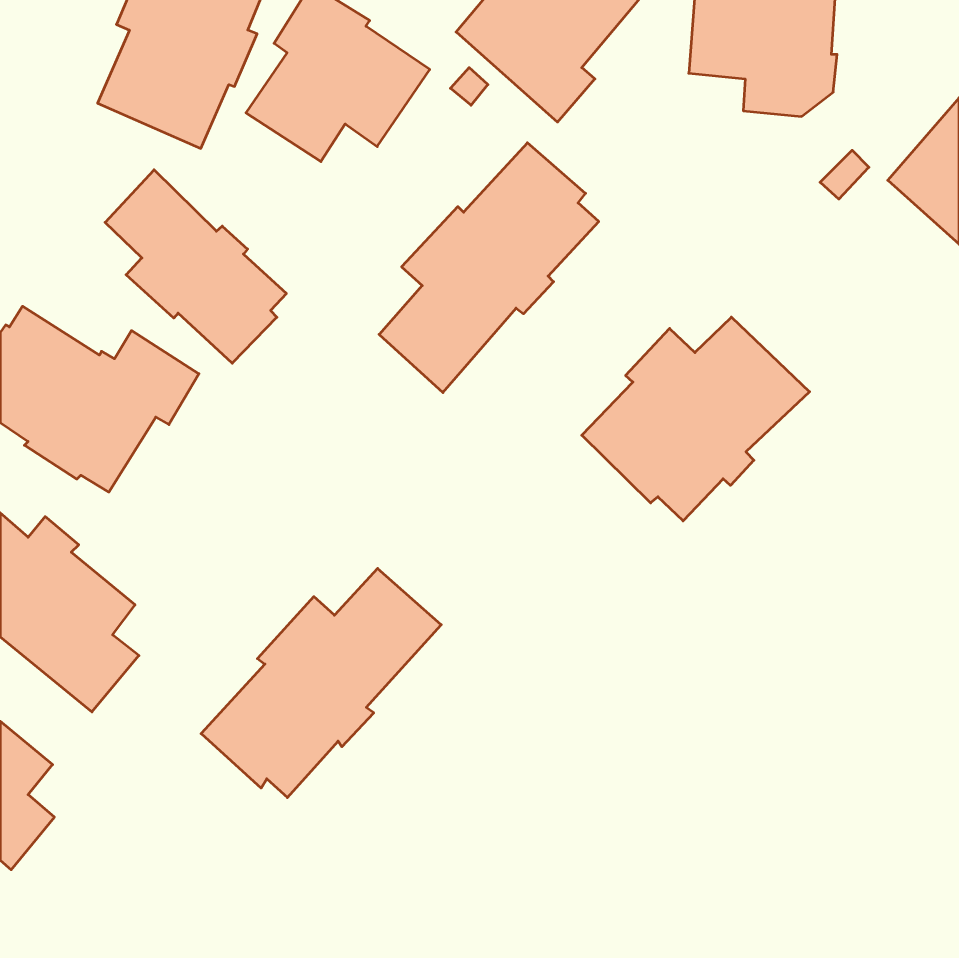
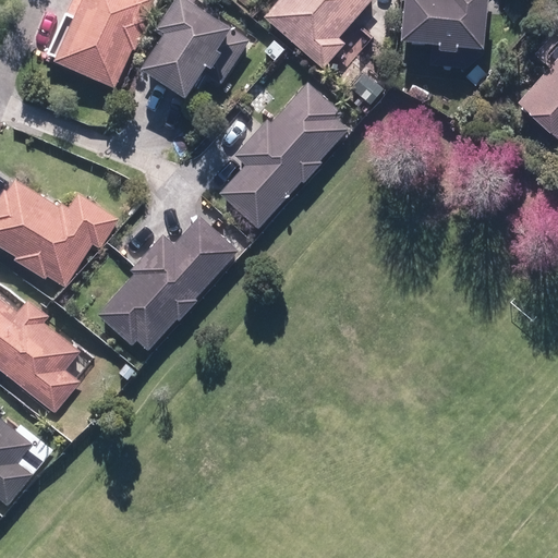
building: [105,170,286,363] -> none
building: [582,317,810,521] -> none
building: [201,568,441,798] -> [97,218,236,351]

